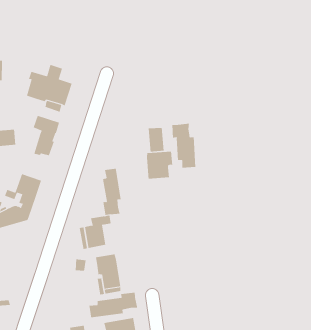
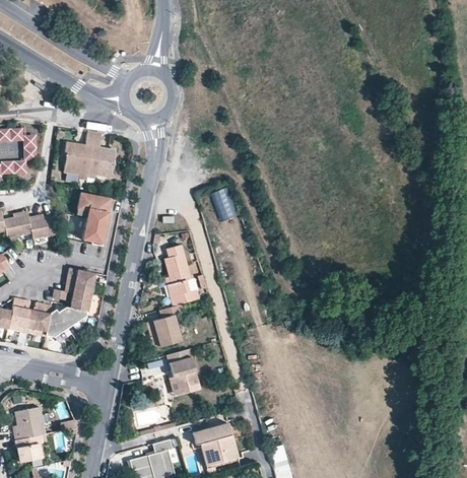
building: [172,123,196,169] -> none
building: [146,151,173,179] -> none
building: [89,292,138,318] -> none

